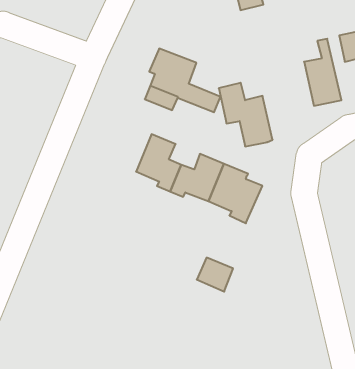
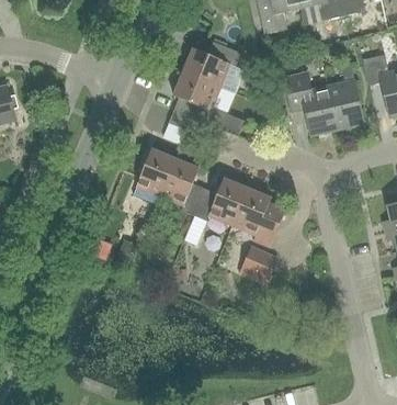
building: none -> [182,41,239,86]
building: [219,83,273,146] -> [283,71,337,135]
building: none -> [133,148,174,202]
building: [197,258,233,292] -> [240,246,276,280]

